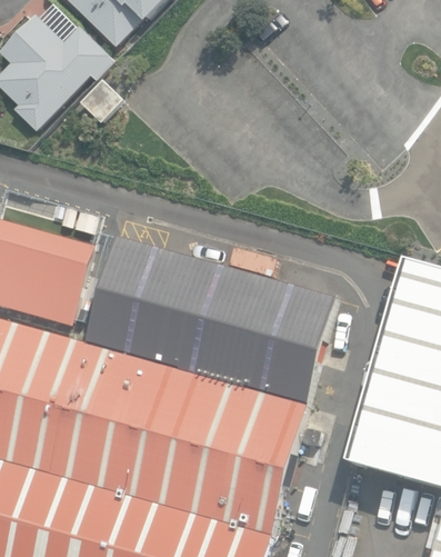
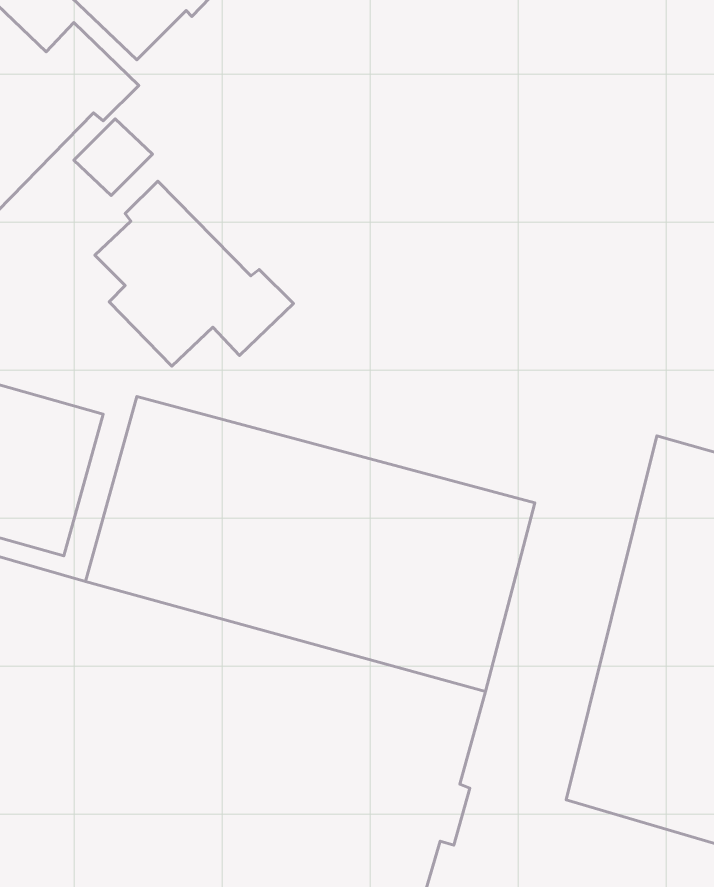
building: none -> [95,181,293,366]

